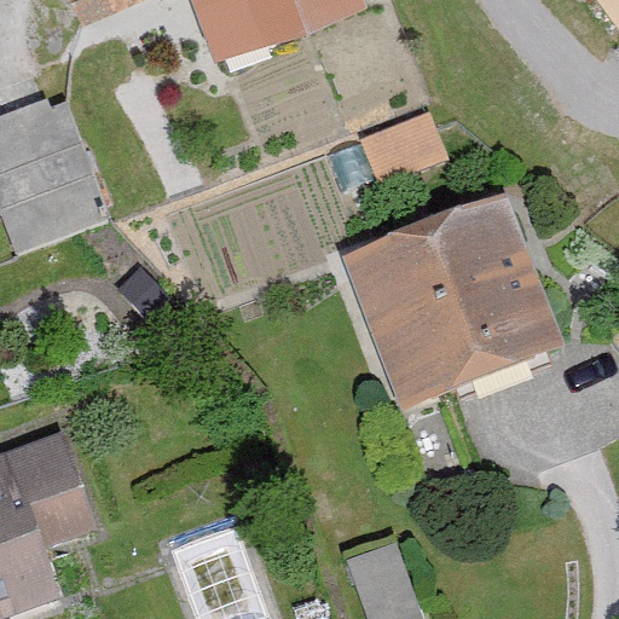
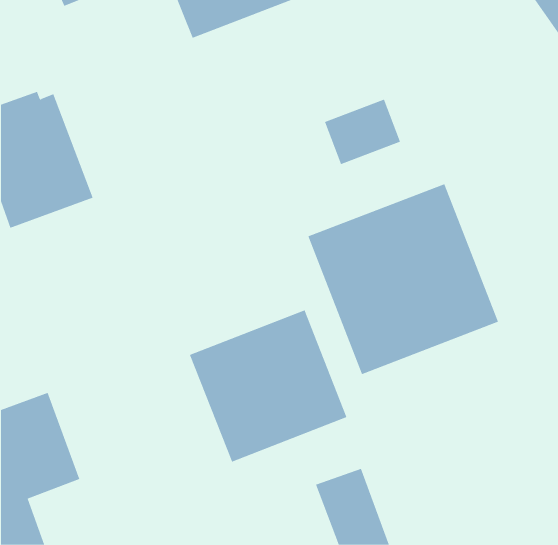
building: none -> [189,309,347,462]

